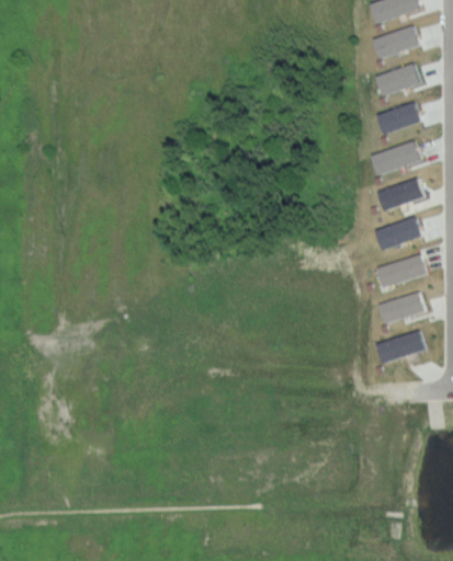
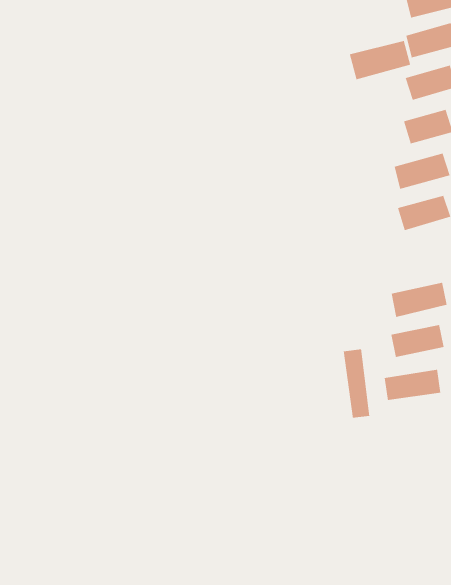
building: none -> [349,40,411,80]
building: [374,216,421,251] -> none
building: none -> [343,348,370,419]

